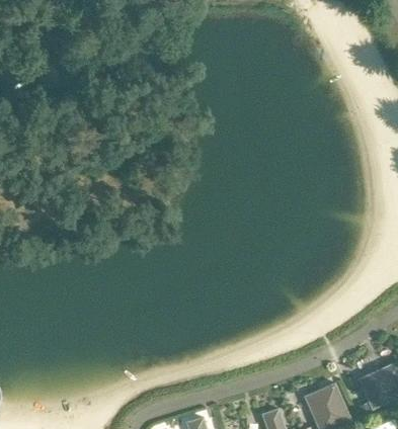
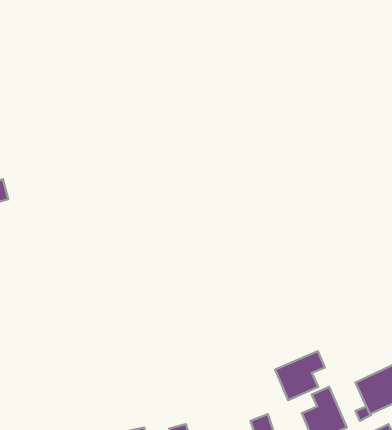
building: none -> [275,351,325,400]

